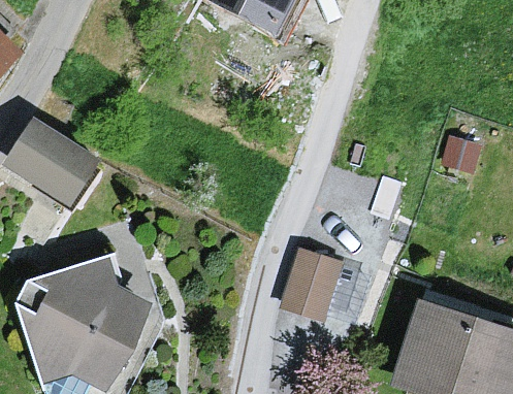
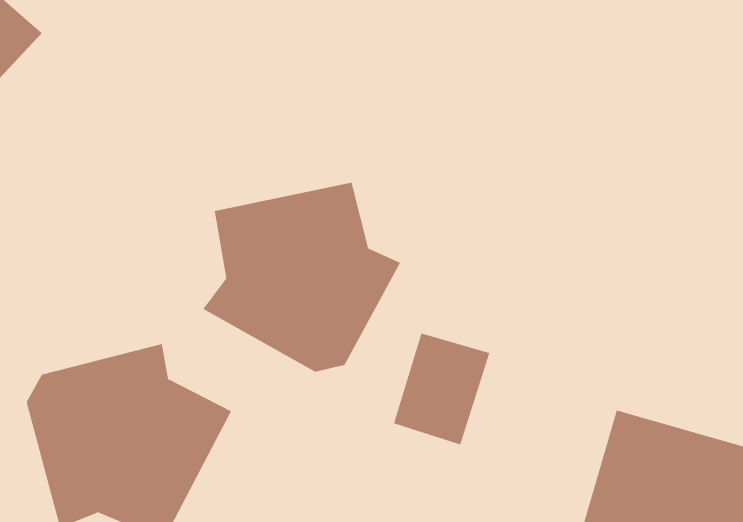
building: [12,120,108,205] -> none
building: none -> [203,182,401,372]

